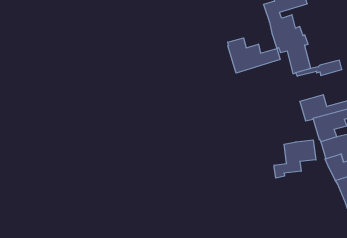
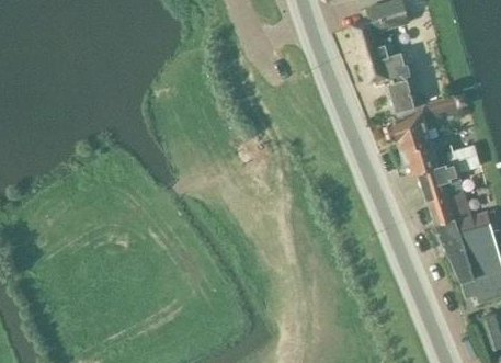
building: [228,38,280,73] -> none
building: none -> [388,112,433,151]
building: [274,140,316,178] -> none

